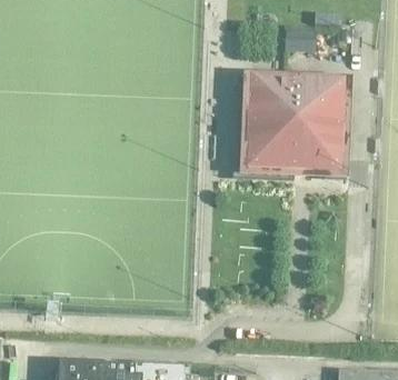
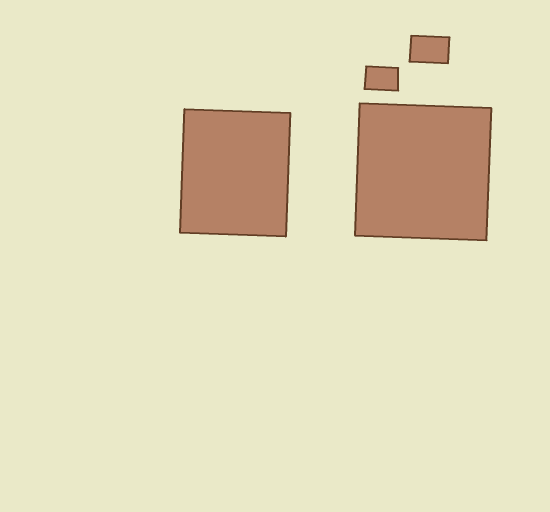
building: none -> [180,109,290,237]

